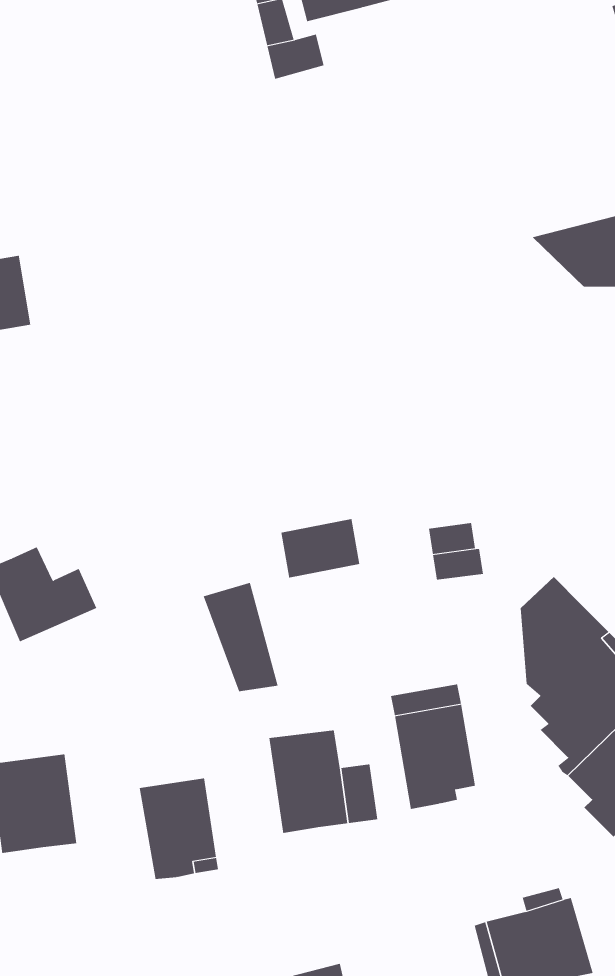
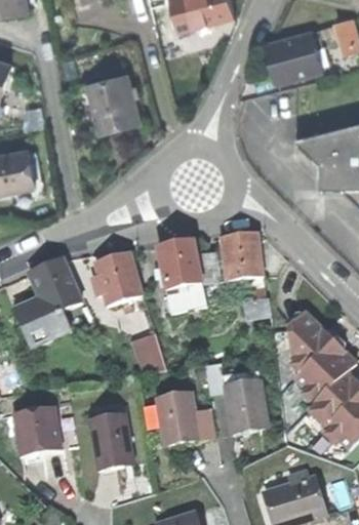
building: none -> [264,30,321,81]
building: none -> [88,73,139,130]
building: none -> [220,232,262,281]
building: none -> [155,241,201,291]
building: none -> [93,252,139,306]
building: none -> [29,259,80,316]

